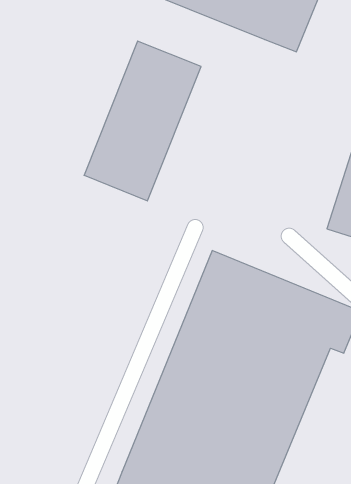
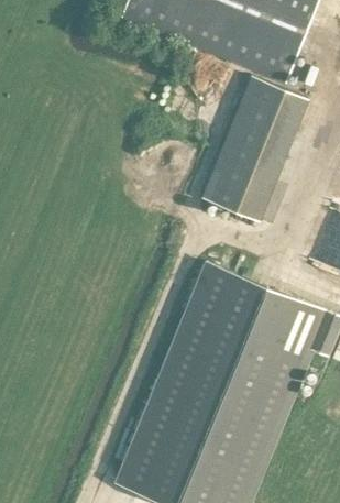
building: [84,41,201,201] -> [201,76,307,220]

